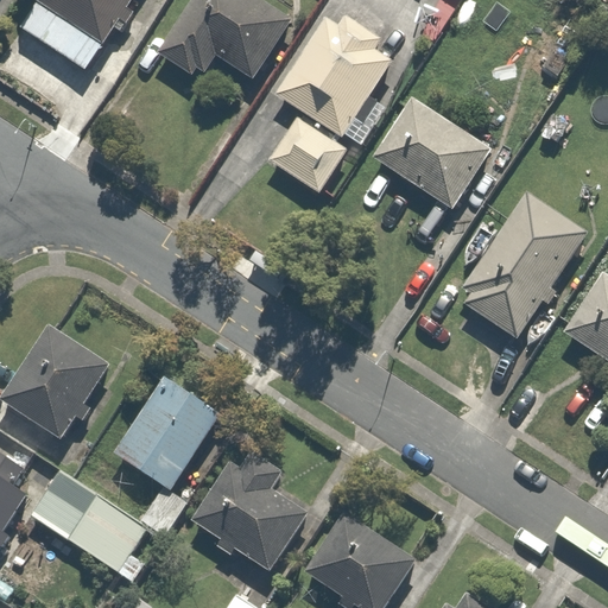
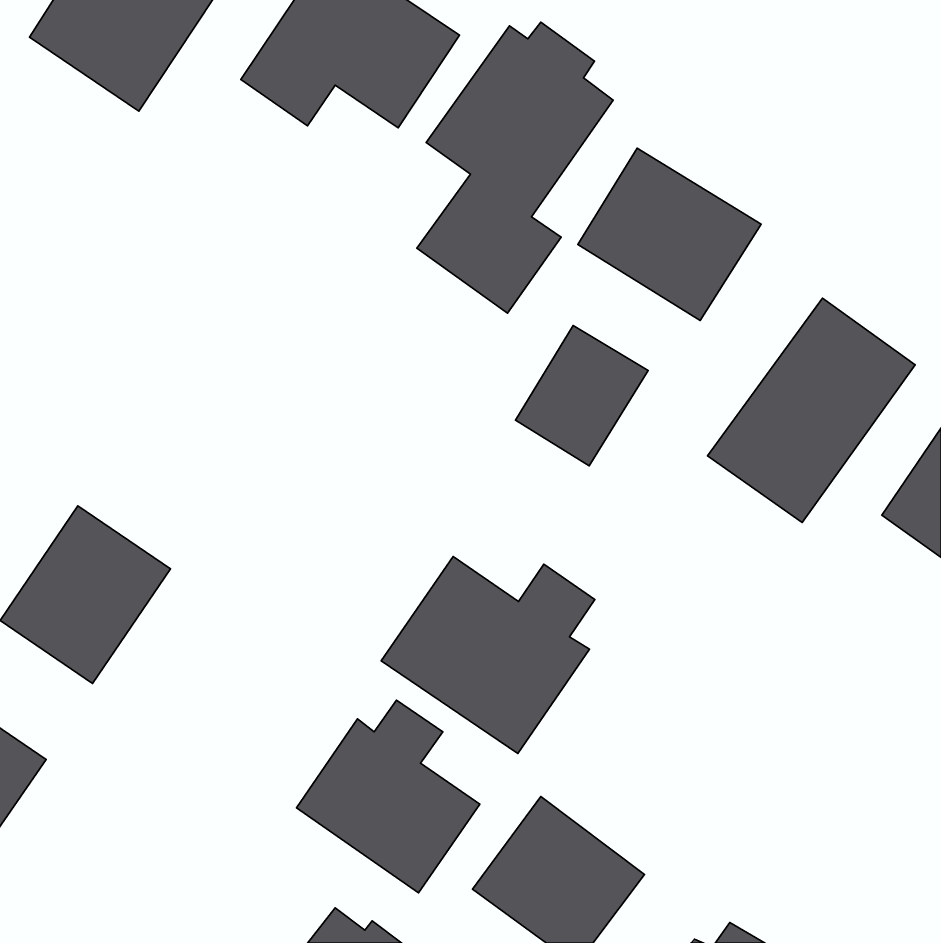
building: none -> [515,326,648,466]
building: none -> [381,557,595,753]
building: [110,374,223,536] -> none
building: [34,470,159,580] -> none

